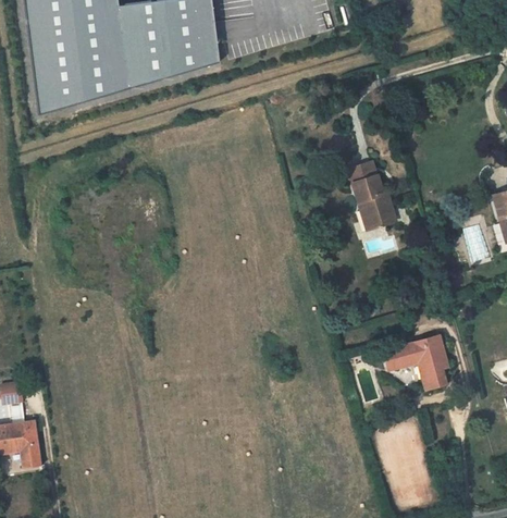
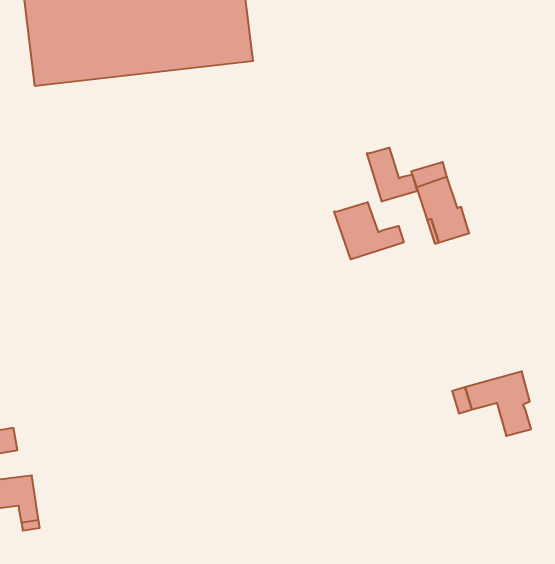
building: none -> [367,148,417,202]
building: none -> [334,202,404,259]

